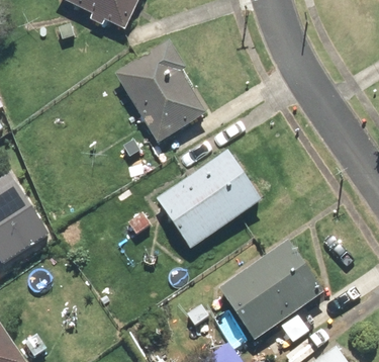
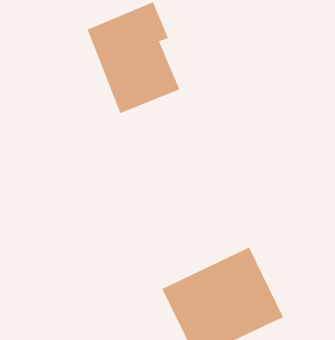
building: [156,150,262,250] -> none

